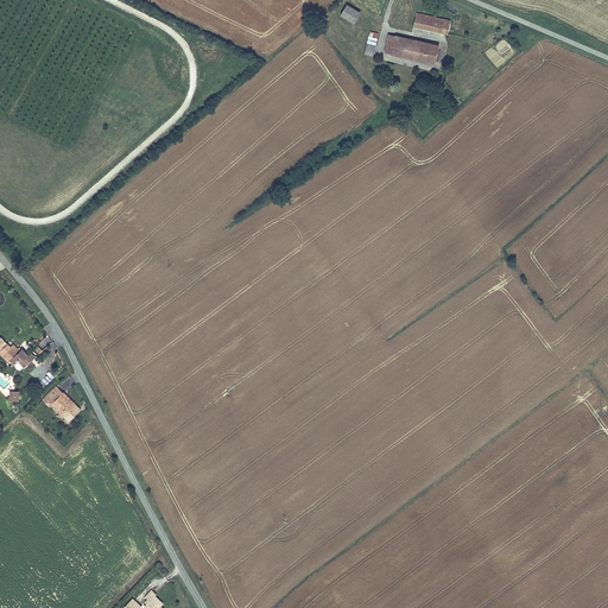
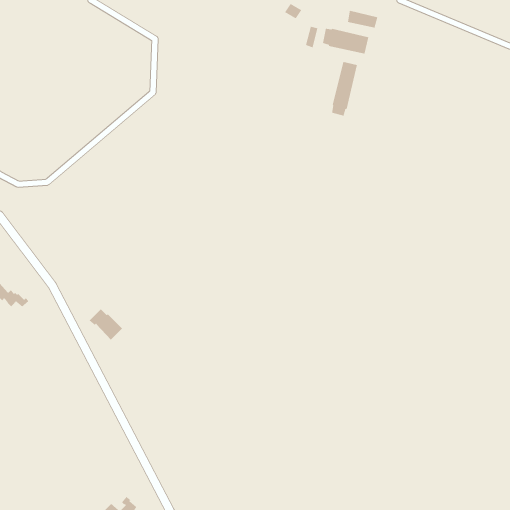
building: none -> [332,61,357,117]
building: [40,387,81,425] -> [89,308,123,340]

